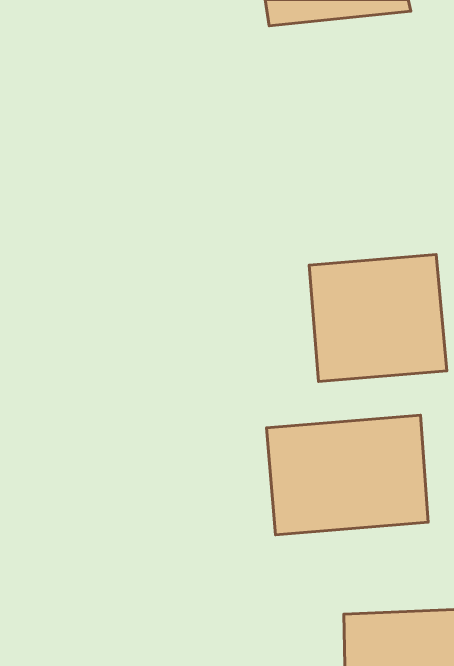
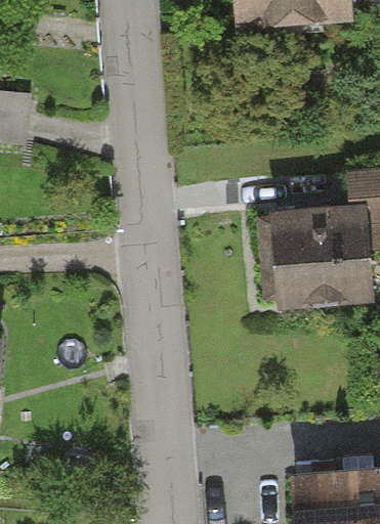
building: [266,415,428,535] -> none

